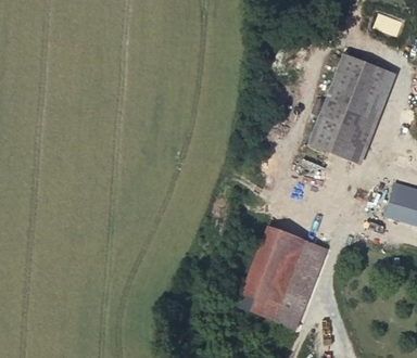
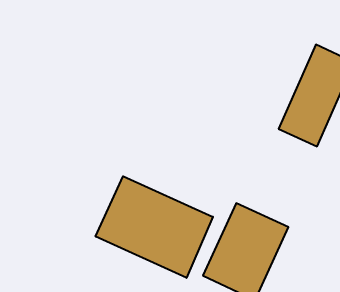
building: none -> [96,176,213,278]

